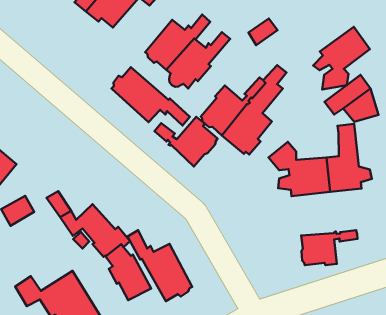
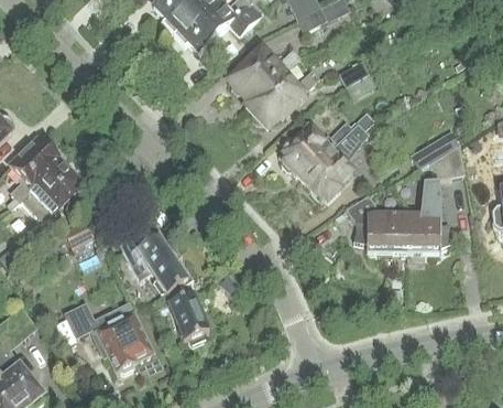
building: [313,27,370,90] -> none
building: [112,67,190,126] -> none
building: [155,117,217,167] -> none
building: [128,230,192,301] -> none
building: [301,230,357,265] -> none

